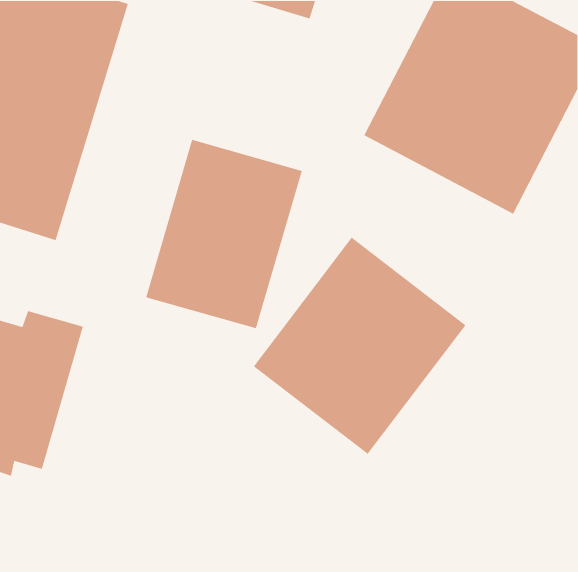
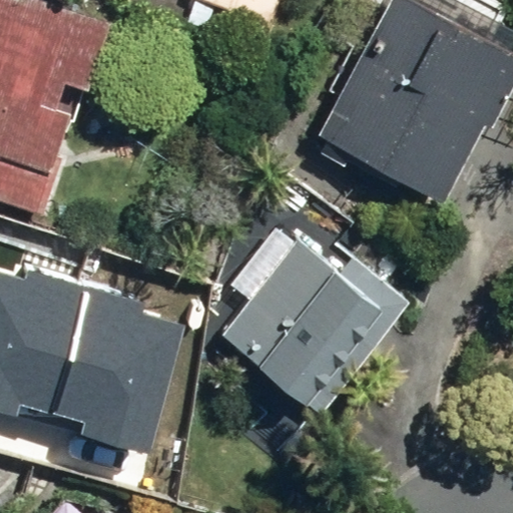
building: [145,139,303,329] -> none
building: none -> [49,301,175,465]

